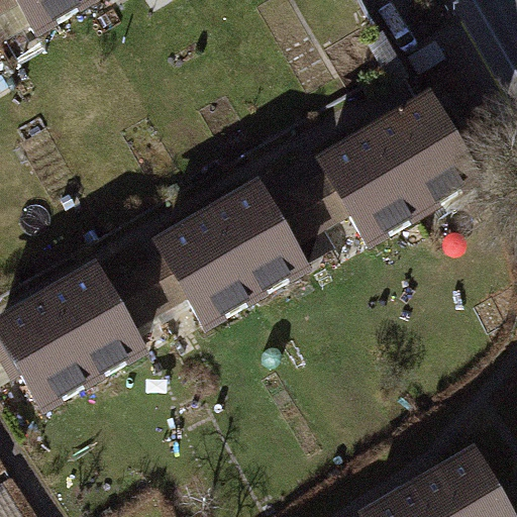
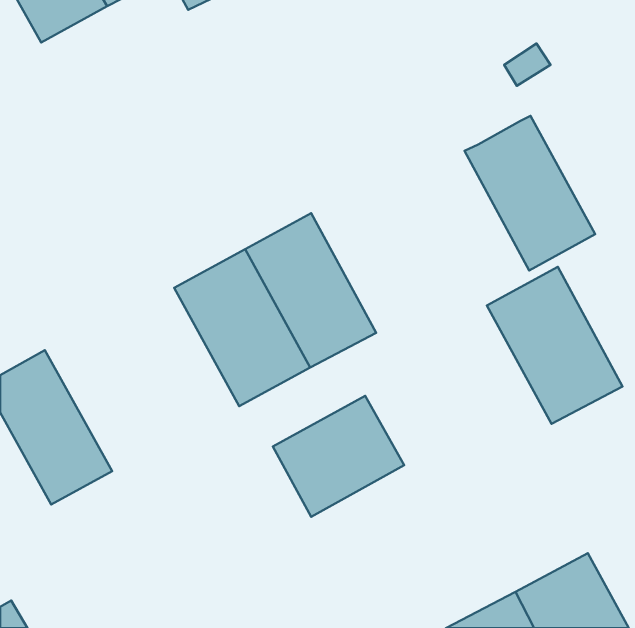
building: [320,122,430,249] -> [487,267,622,424]
building: [37,252,147,382] -> none
building: none -> [273,396,404,517]

